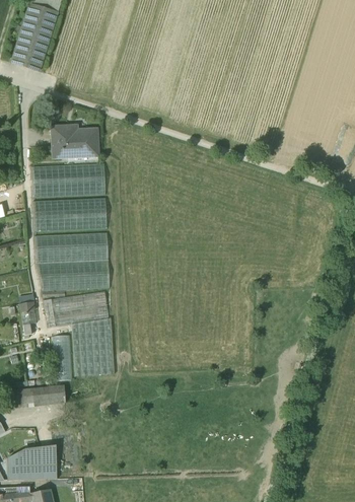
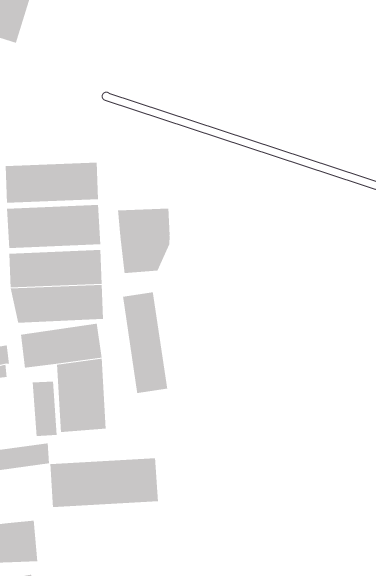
building: [50,125,97,157] -> none
building: none -> [117,208,170,274]
building: none -> [122,292,168,394]
building: none -> [50,457,158,508]

